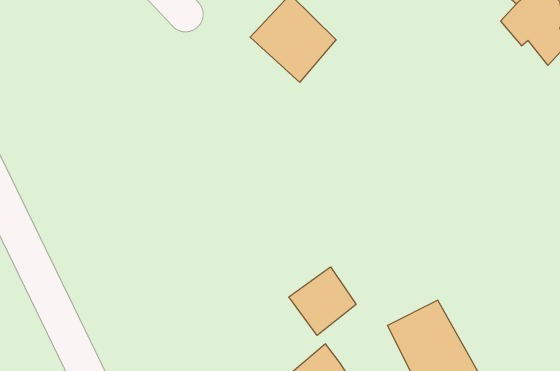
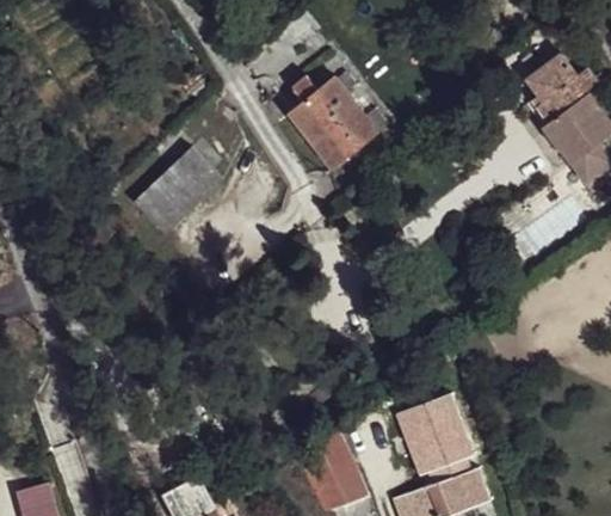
building: none -> [137,145,222,229]
building: [289,267,356,335] -> none

